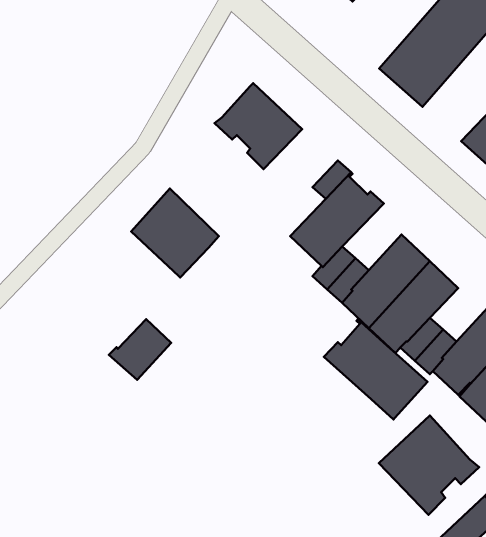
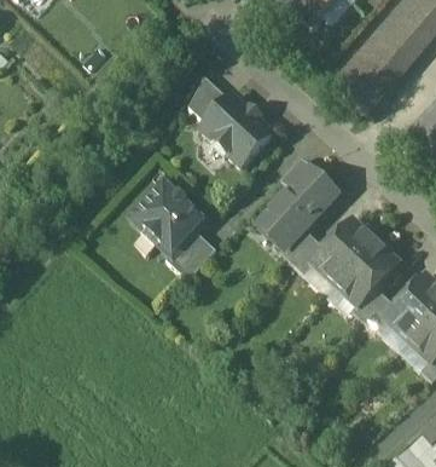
building: none -> [188,74,229,121]
building: [324,319,427,420] -> none
building: [109,319,171,380] -> [165,227,216,277]
building: [379,416,479,515] -> none

